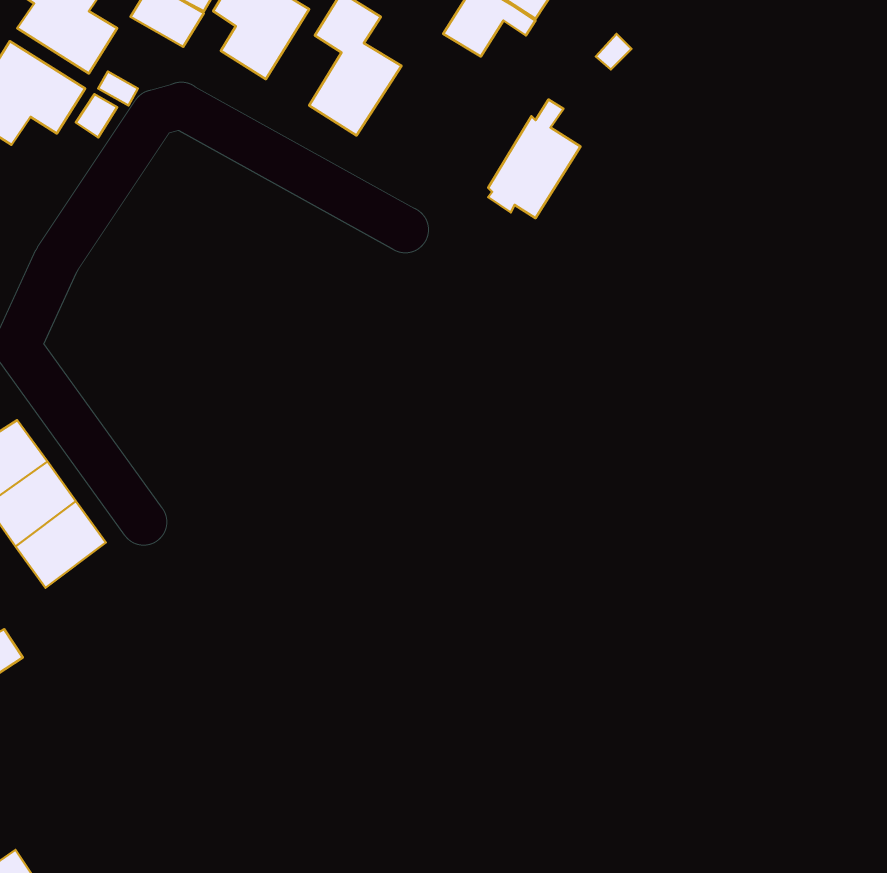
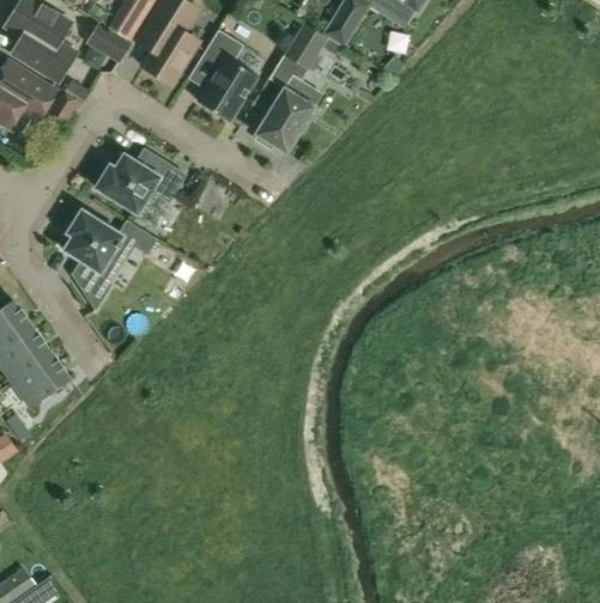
building: [488,99,581,218] -> [256,77,315,152]
building: none -> [95,150,184,213]
building: none -> [63,209,156,307]

